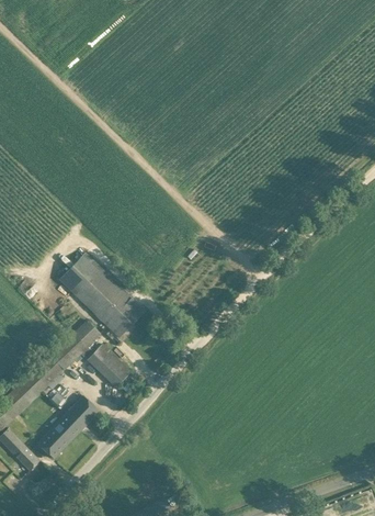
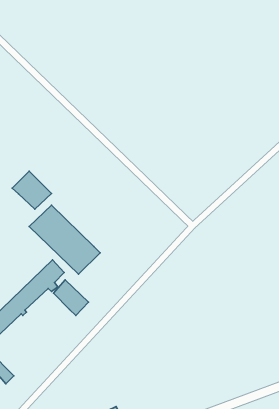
building: none -> [12,171,52,209]
building: [37,395,99,459] -> none

